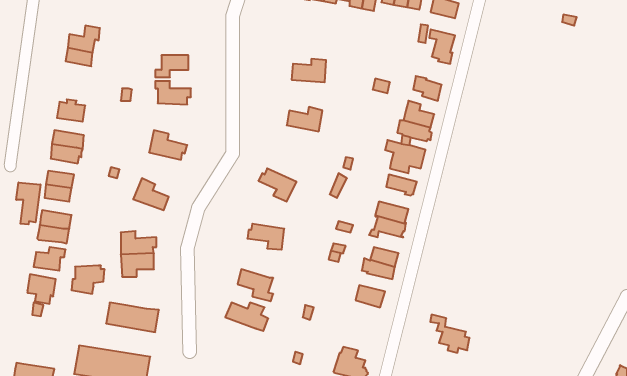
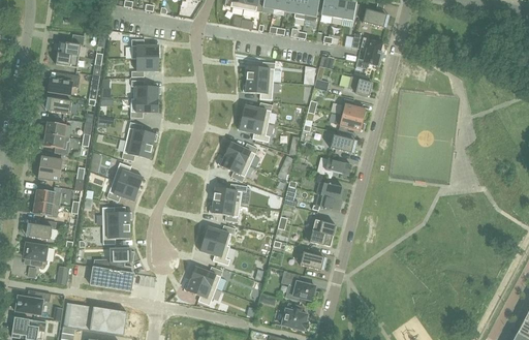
building: none -> [131,38,159,58]
building: none -> [46,72,80,95]
building: none -> [243,79,274,99]
building: none -> [130,97,158,117]
building: none -> [239,117,270,142]
building: none -> [122,140,153,160]
building: none -> [225,142,258,164]
building: [16,182,40,224] -> none
building: none -> [106,179,138,200]
building: none -> [213,183,247,204]
building: none -> [204,224,236,245]
building: [71,266,105,294] -> [106,247,134,271]
building: [430,315,470,353] -> [285,271,318,303]
building: none -> [184,278,216,305]
building: none -> [13,290,51,314]

